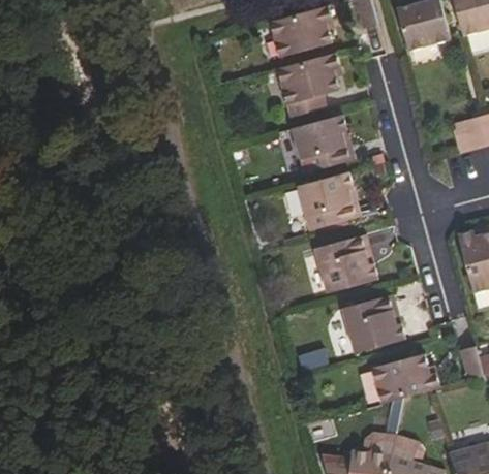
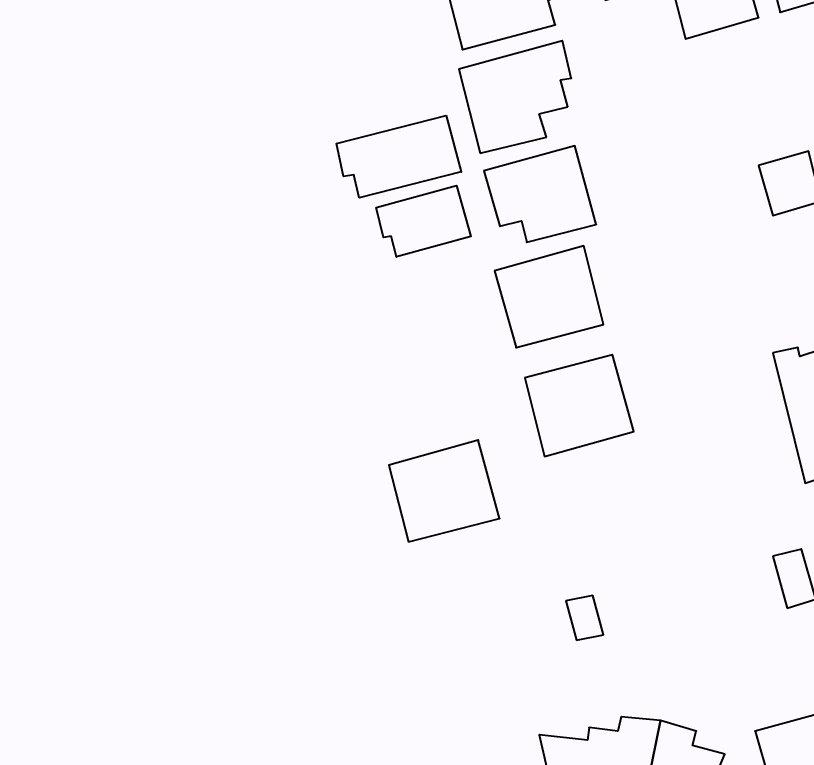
building: none -> [336,116,461,198]
building: none -> [376,186,471,257]
building: [341,294,405,353] -> [389,440,500,542]
building: [371,354,439,405] -> none

